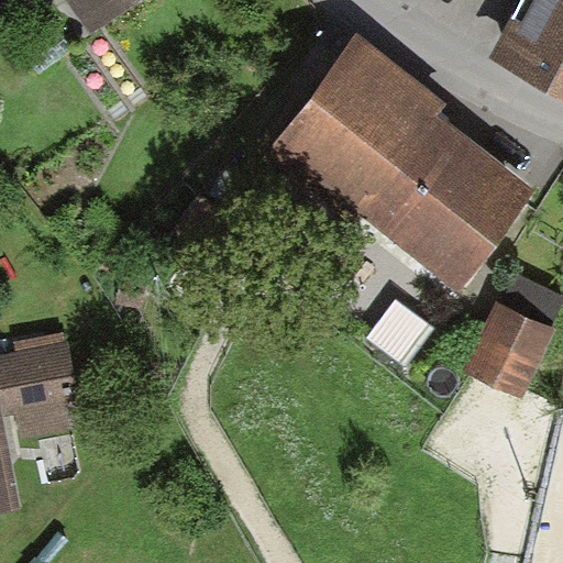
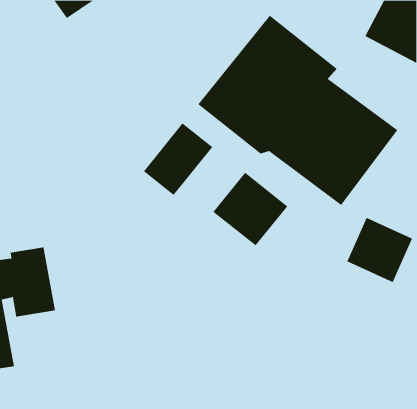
building: none -> [143,123,213,196]
building: none -> [213,172,288,246]

